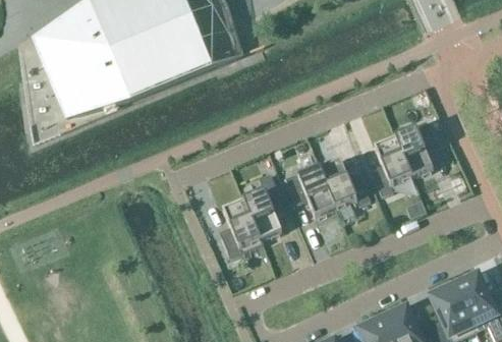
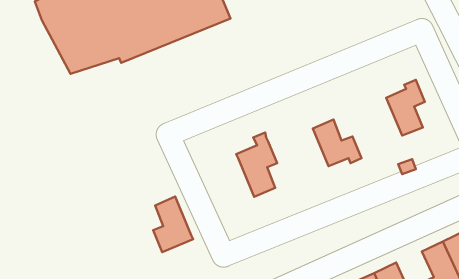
building: [374,134,413,191] -> none
building: [287,158,338,214] -> none
building: [223,196,264,253] -> [153,197,193,252]

